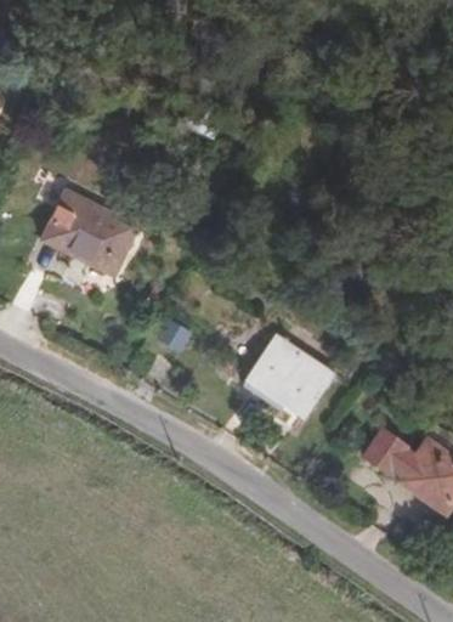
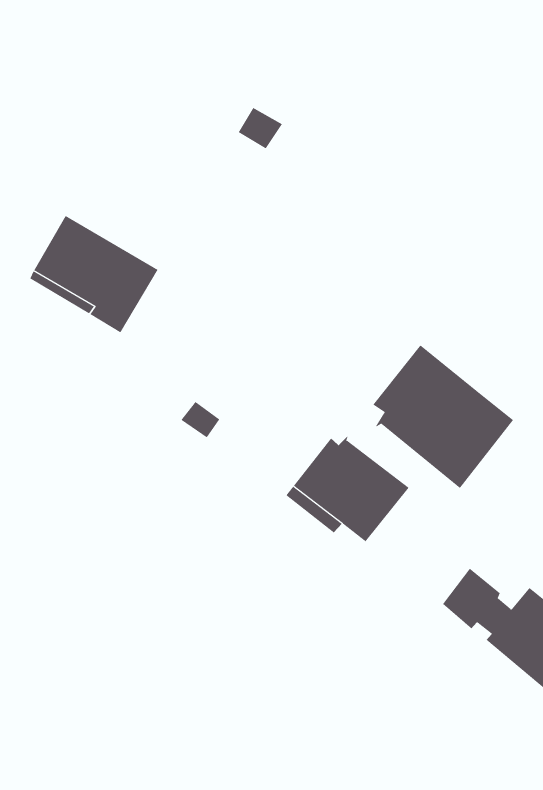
building: none -> [373,344,514,489]

